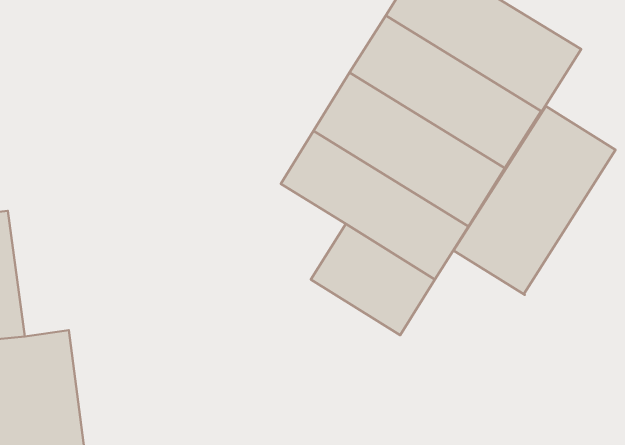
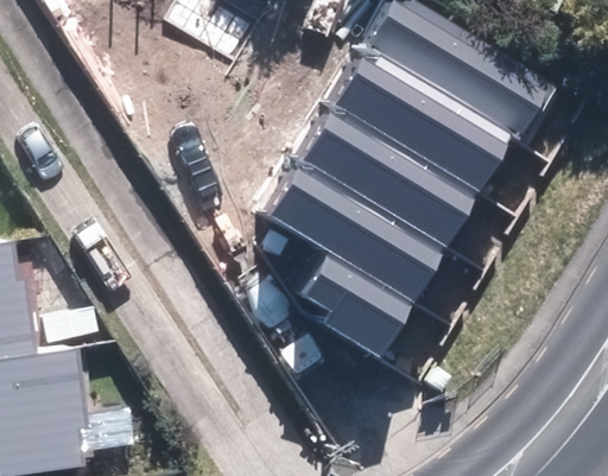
building: [453,106,616,295] -> none

